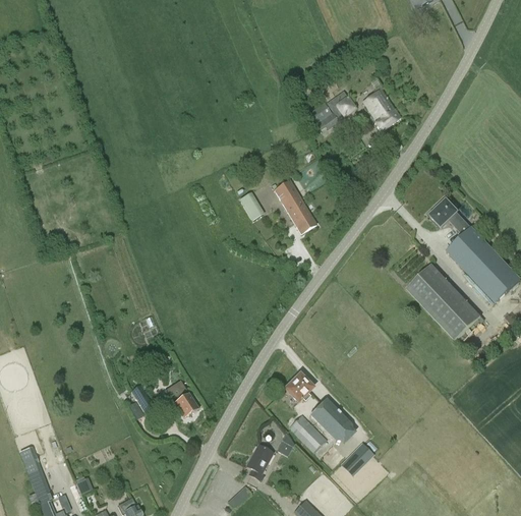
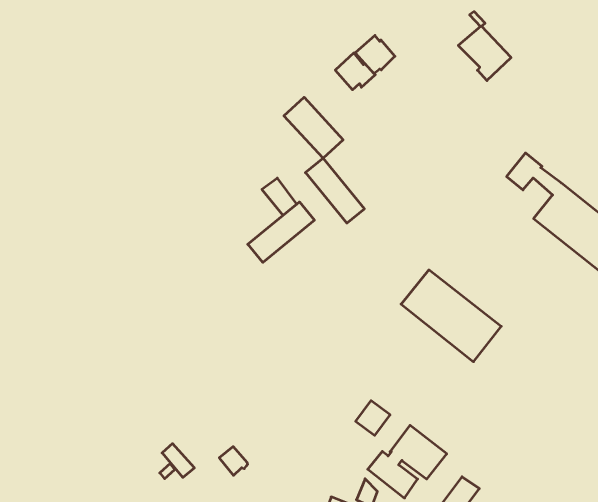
building: [361,76,401,131] -> [458,12,511,81]
building: none -> [284,97,343,158]
building: none -> [248,202,314,262]
building: [405,265,480,341] -> [401,270,501,362]

